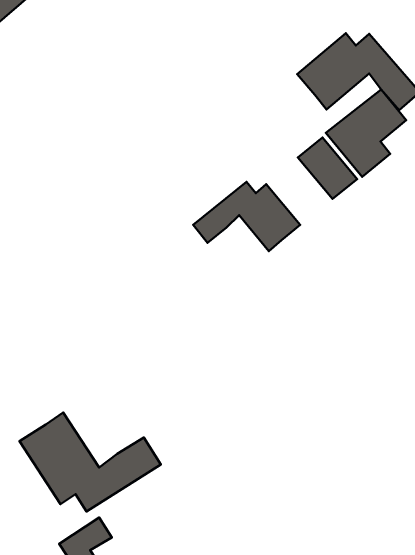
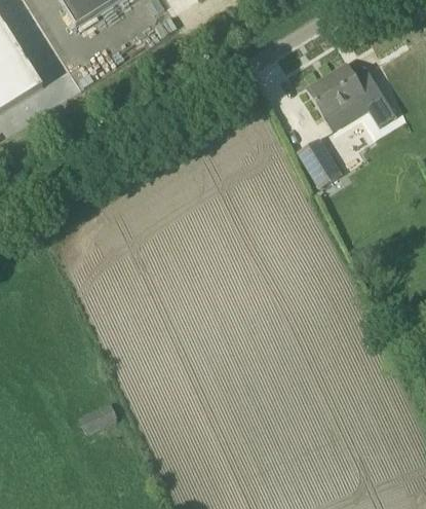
building: [193,182,300,251] -> none
building: [19,412,161,511] -> none

